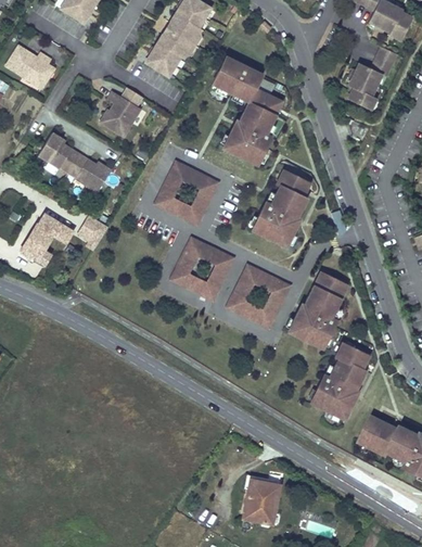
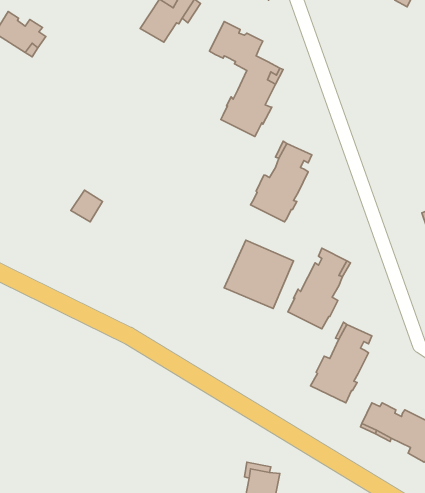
building: [347,48,396,110] -> none
building: [100,90,141,136] -> none
building: [39,132,112,191] -> none
building: [154,160,220,226] -> none
building: [22,211,75,265] -> none
building: [169,236,236,302] -> none

